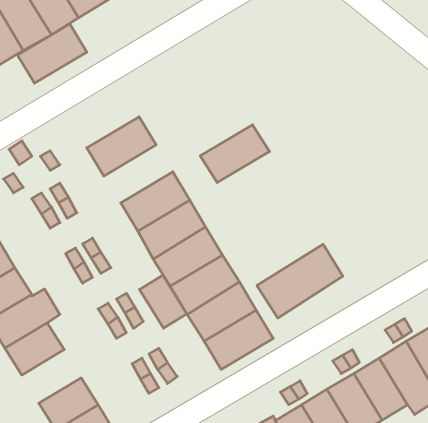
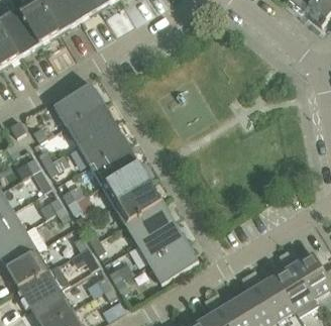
building: [18,24,87,83] -> [52,83,102,125]
building: [200,125,270,183] -> [77,123,126,165]
building: [257,244,343,318] -> none
building: [139,275,187,328] -> none
building: none -> [18,269,61,308]

